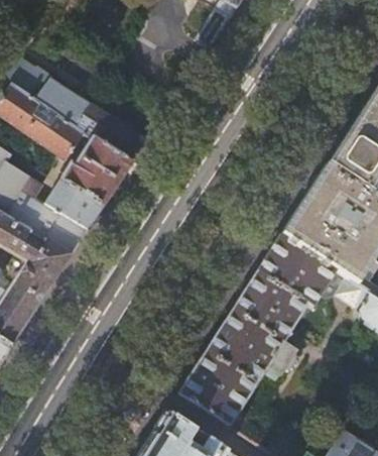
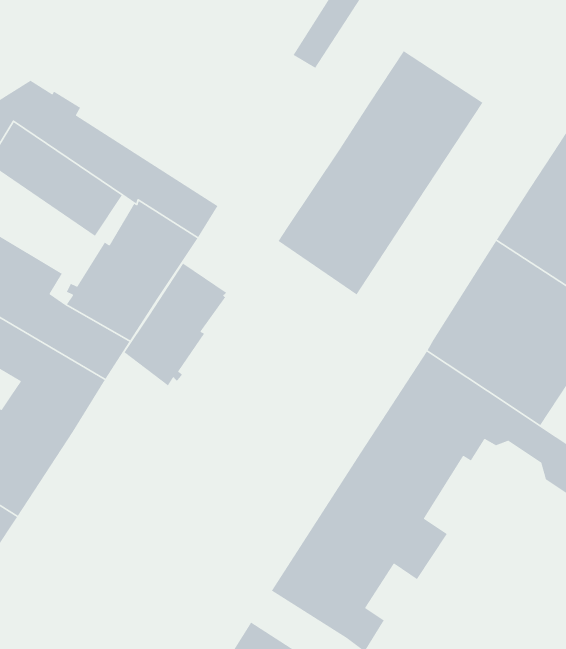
building: none -> [278,50,483,295]
building: none -> [124,262,227,386]

